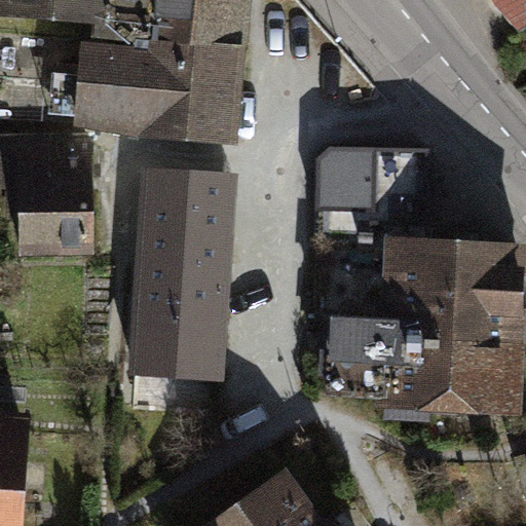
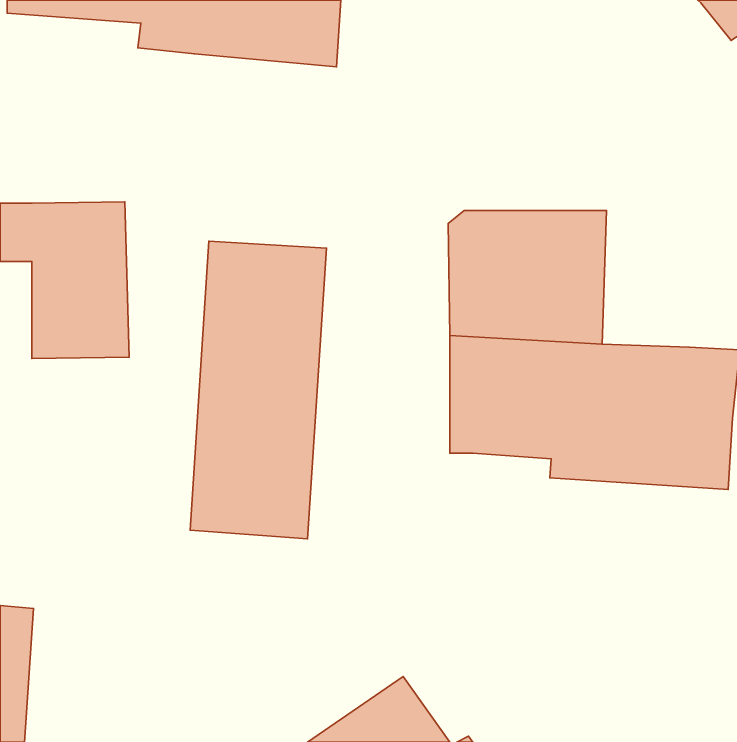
building: [58,38,243,140] -> none
building: [334,321,519,404] -> none

